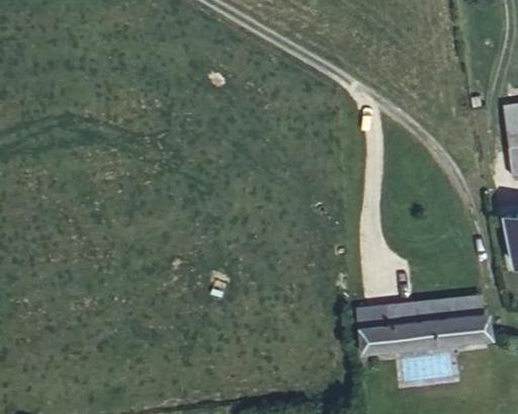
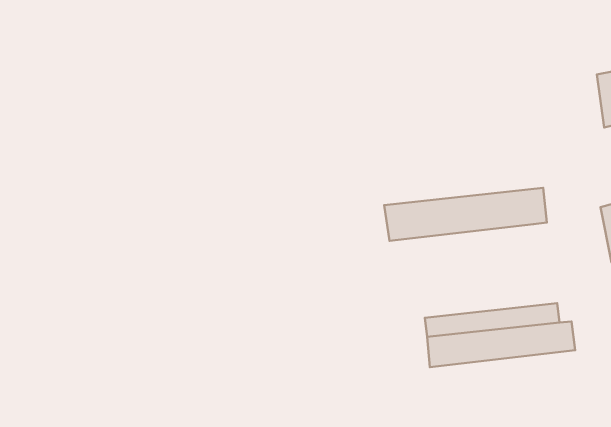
building: none -> [384,188,547,241]

